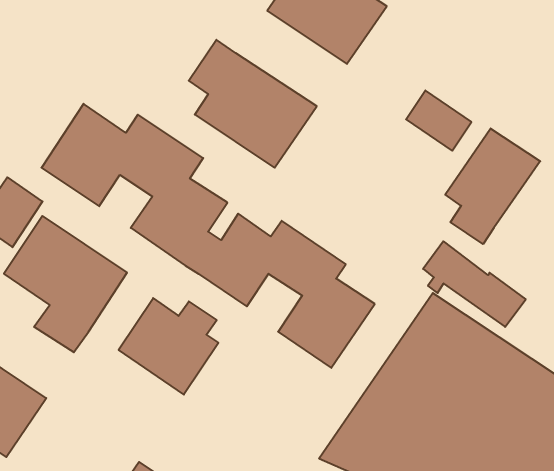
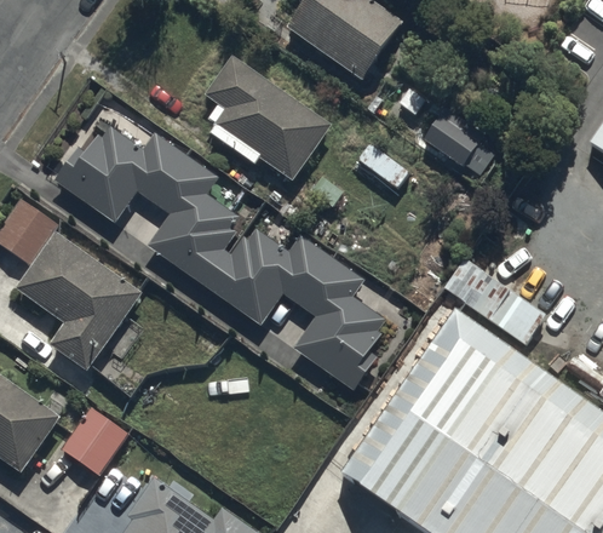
building: [445,128,540,244] -> none
building: [119,298,218,395] -> none
building: none -> [61,407,131,478]

